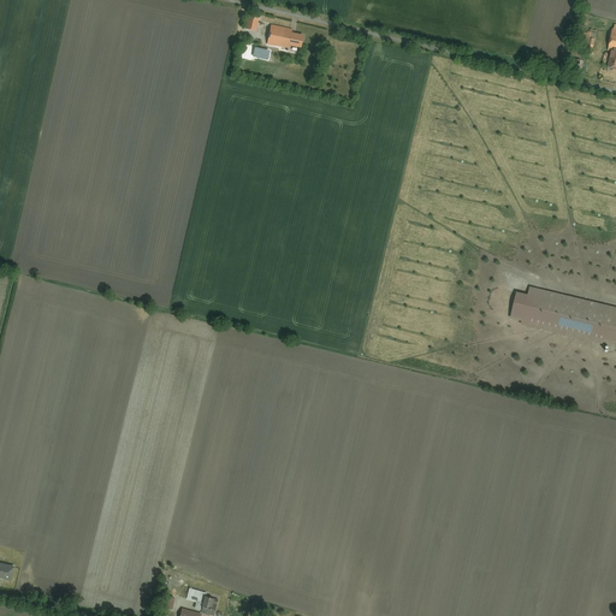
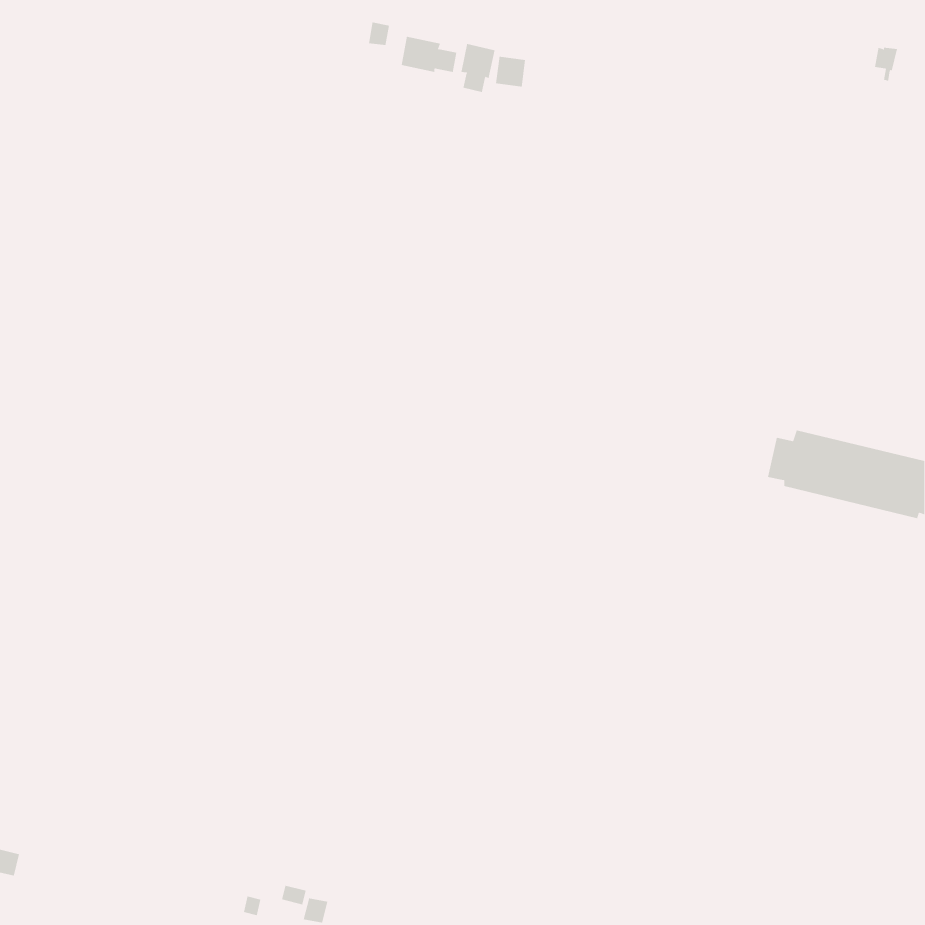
building: none -> [461,43,495,93]

